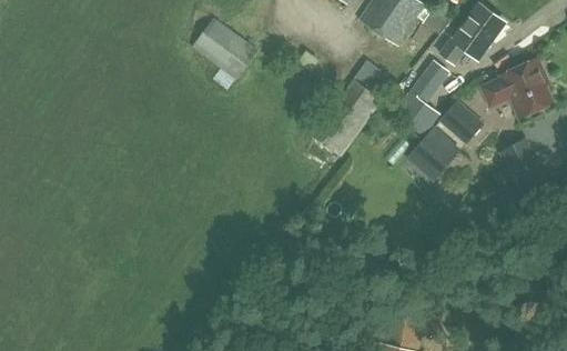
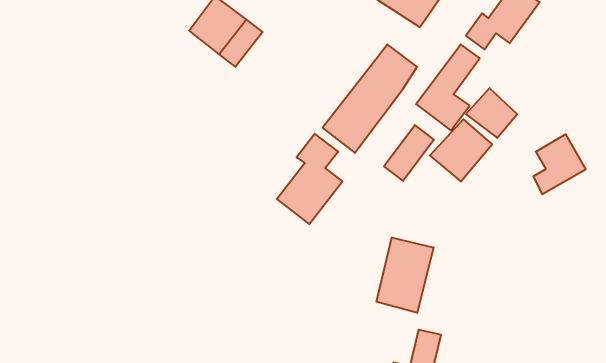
building: [483,60,550,117] -> none
building: none -> [384,125,434,181]
building: none -> [277,134,342,224]
building: none -> [376,238,433,313]

